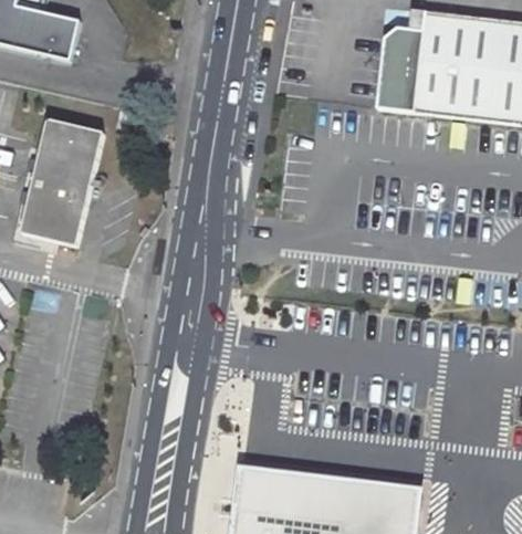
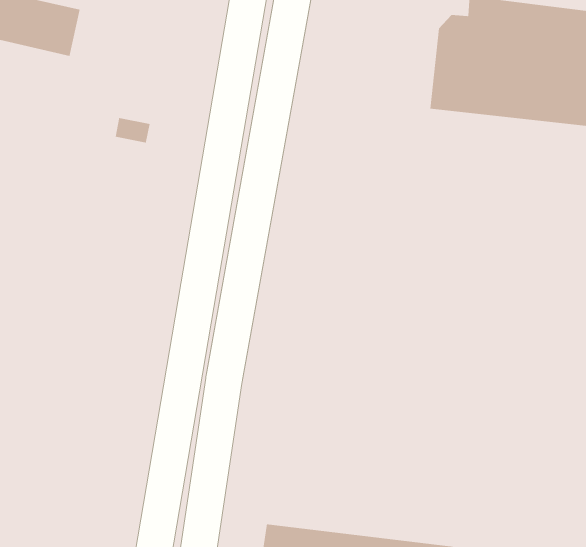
building: [18,118,104,251] -> none

